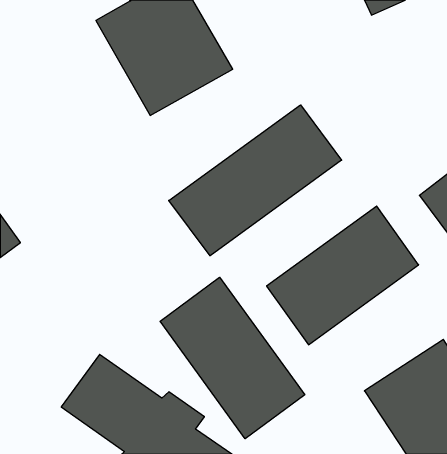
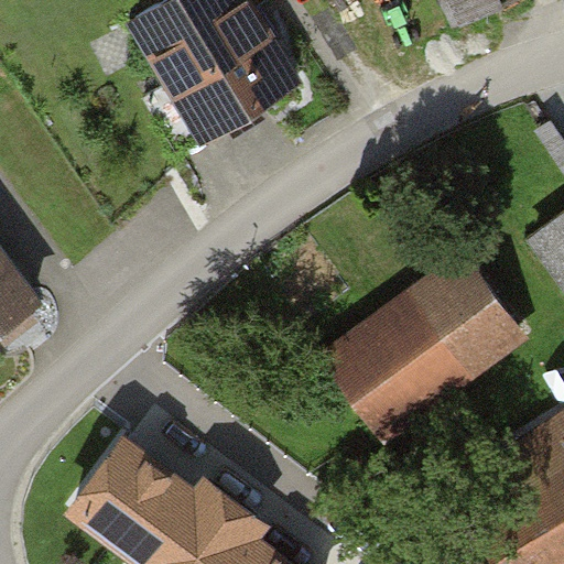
building: [169,105,342,256] -> none
building: [160,277,305,439] -> none

